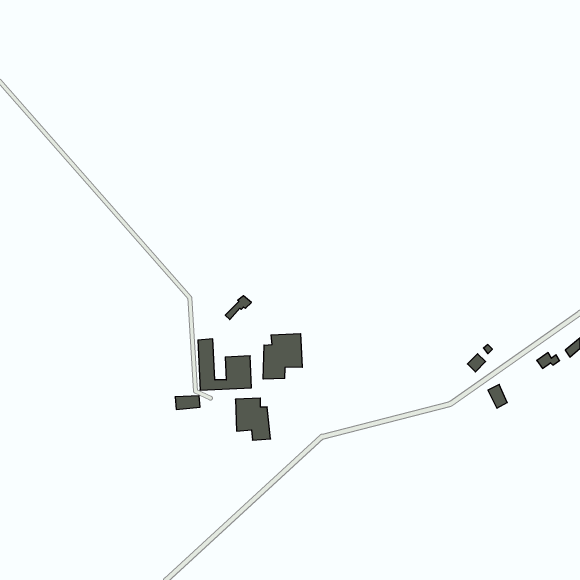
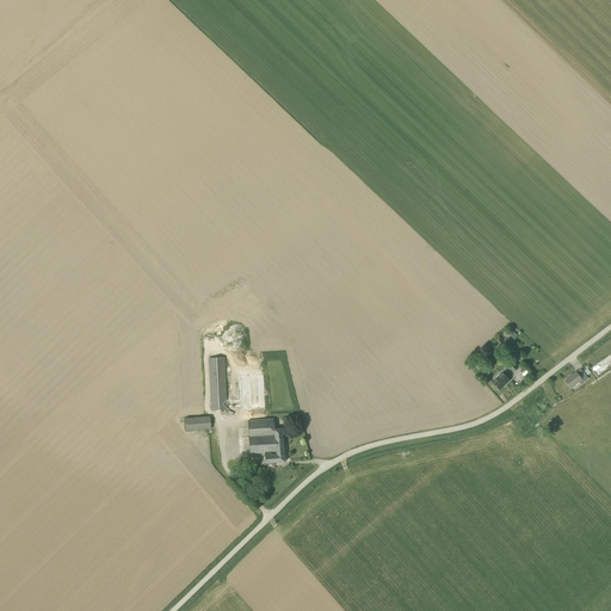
building: [263,334,302,379] -> none

